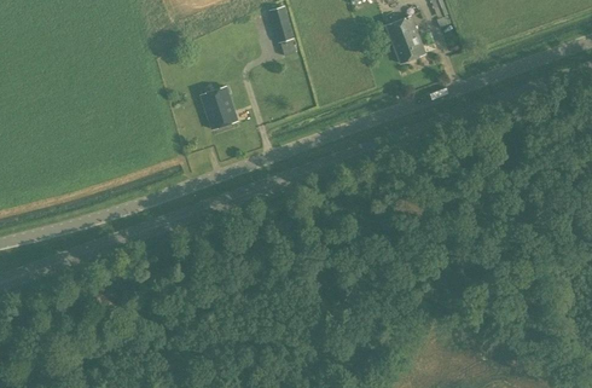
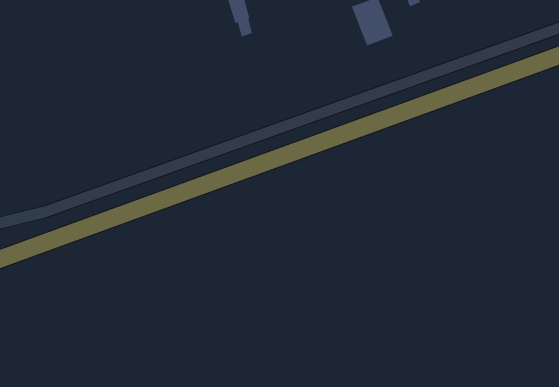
building: [201,86,237,128] -> none

